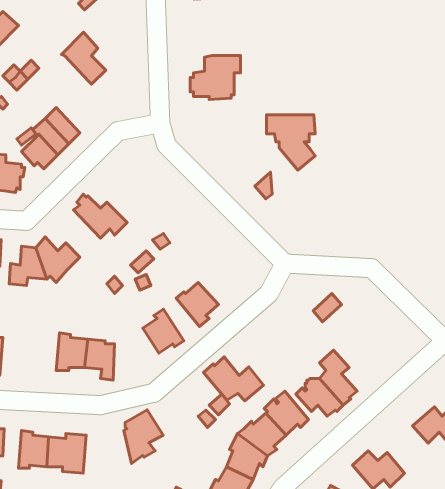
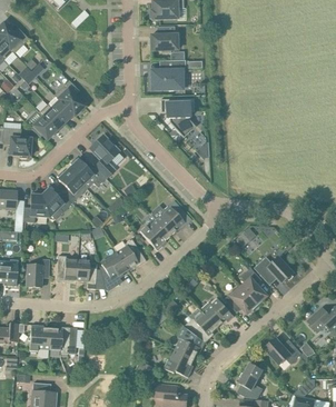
building: none -> [150,26,177,51]
building: [62,32,106,84] -> [53,79,85,116]
building: [266,115,315,170] -> [160,98,195,137]
building: none -> [89,133,120,177]
building: none -> [57,168,87,201]
building: none -> [156,205,187,235]
building: none -> [255,256,294,284]
building: none -> [26,258,49,287]
building: [204,357,264,401] -> none
building: [124,410,163,463] -> [100,251,128,289]

